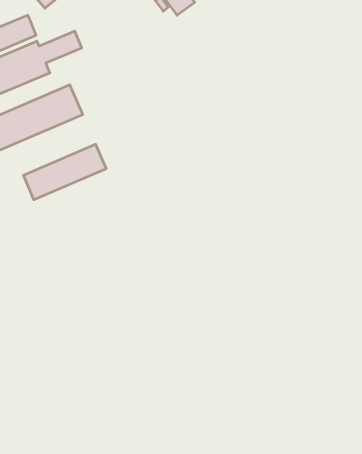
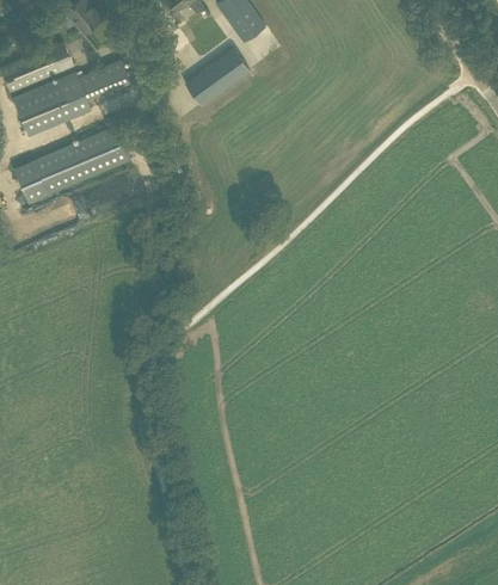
building: none -> [185,49,250,106]
building: [23,144,106,200] -> none

